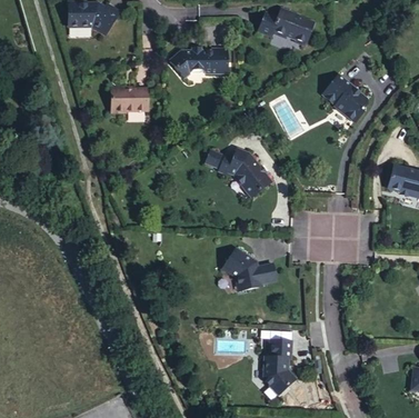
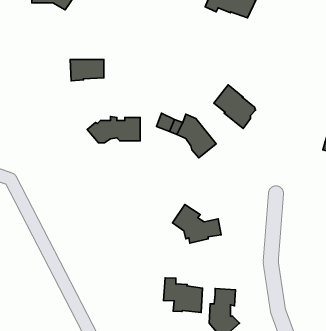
building: [169,47,227,76] -> [87,116,140,143]
building: [322,74,368,122] -> [214,85,255,129]
building: none -> [163,278,203,313]

